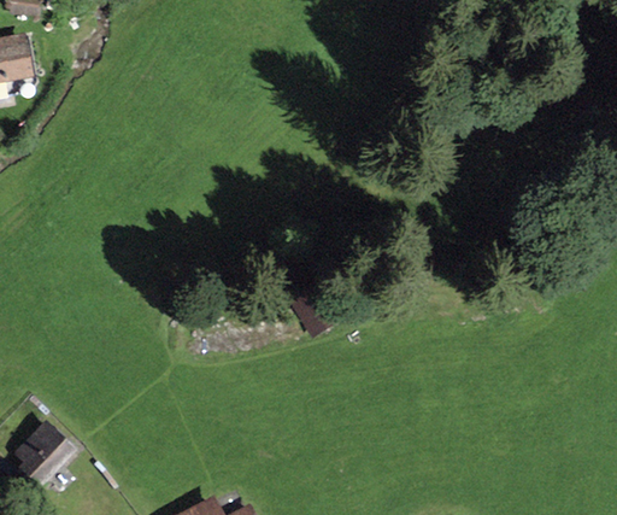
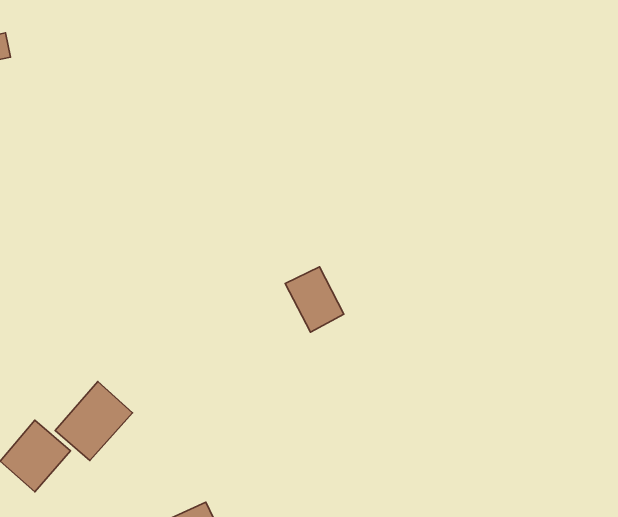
building: none -> [55,382,133,460]

